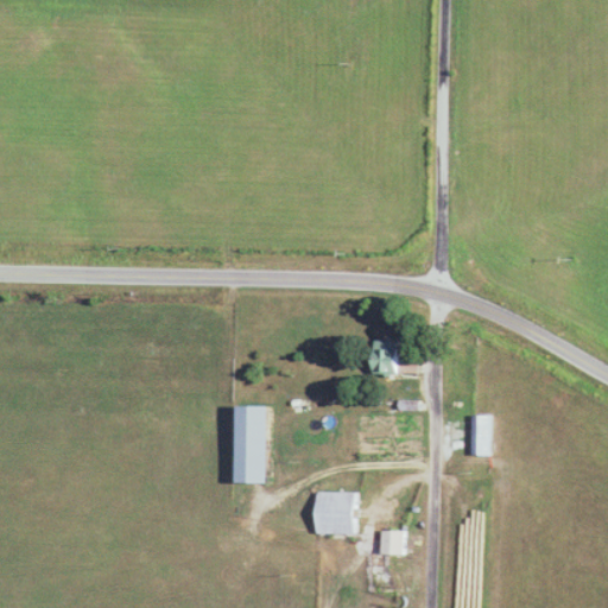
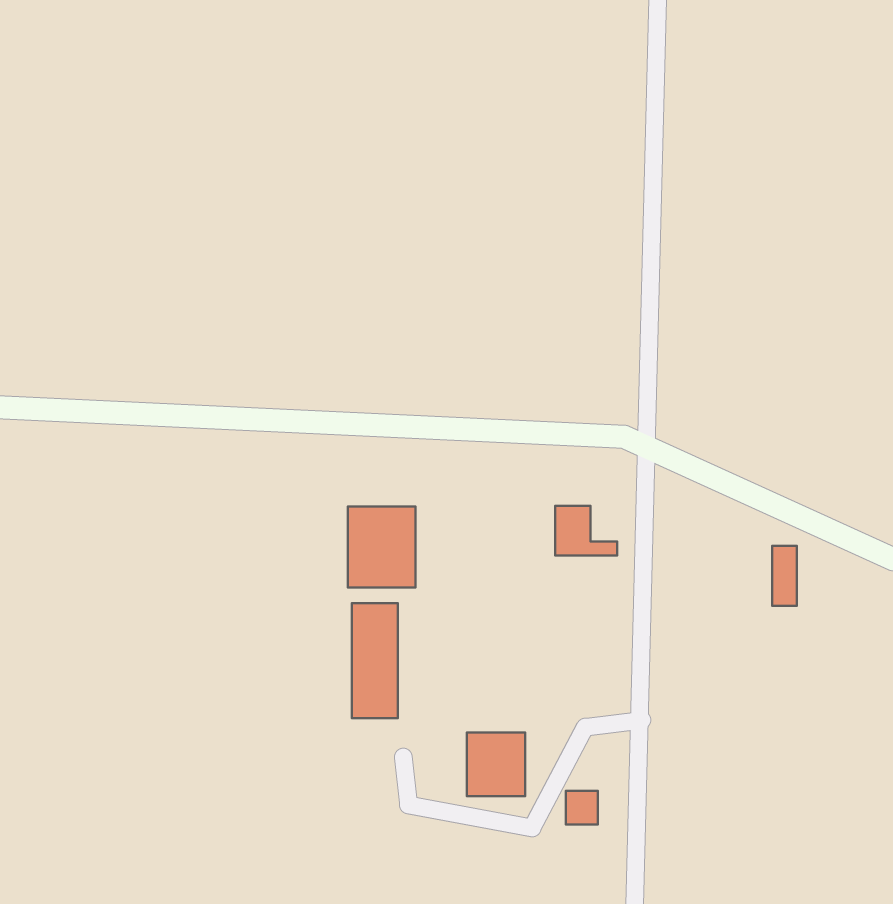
building: none -> [348,506,416,587]
building: [469,414,486,455] -> [772,546,797,606]

